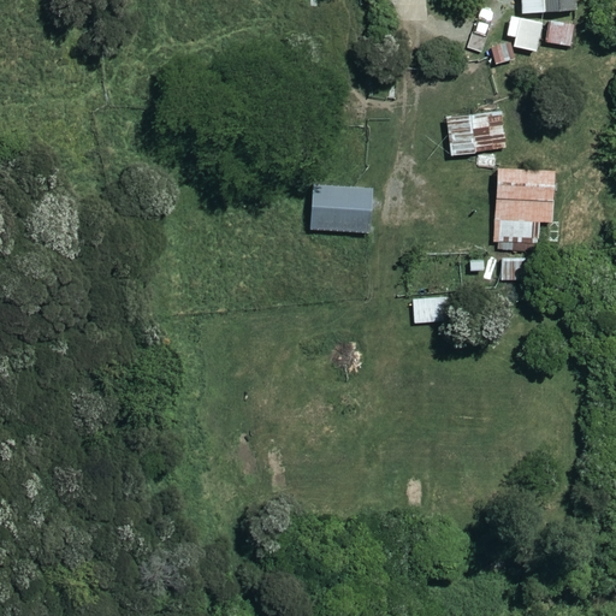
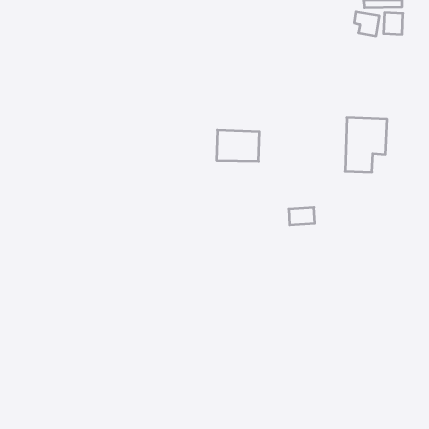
building: [446,109,507,155] -> none

